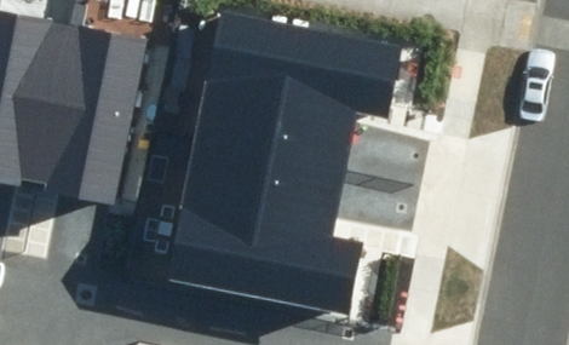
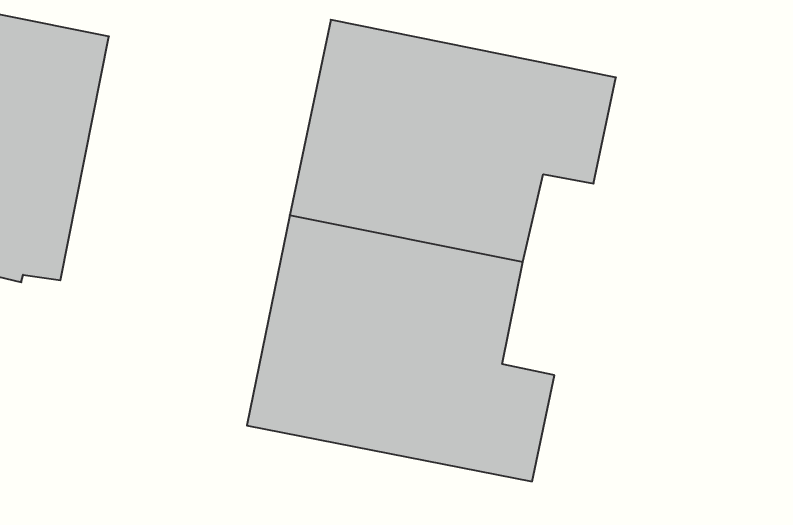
building: [41,27,145,205] -> none

